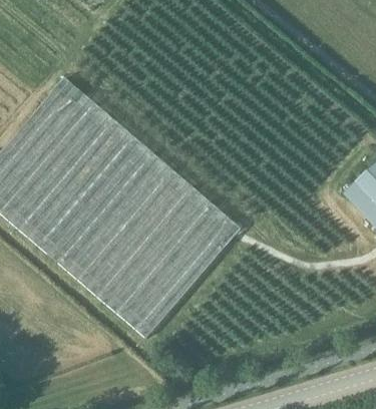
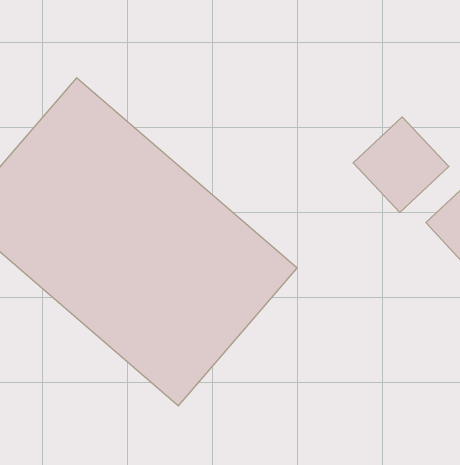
building: none -> [353,117,449,212]

